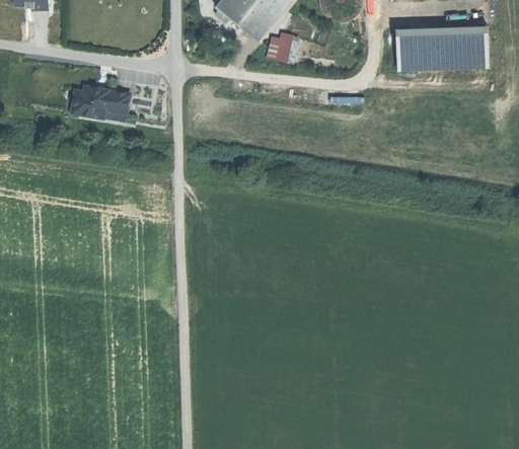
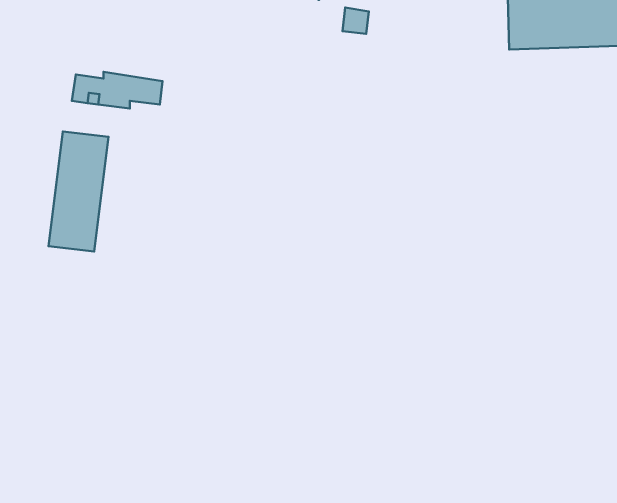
building: none -> [48,132,109,251]

